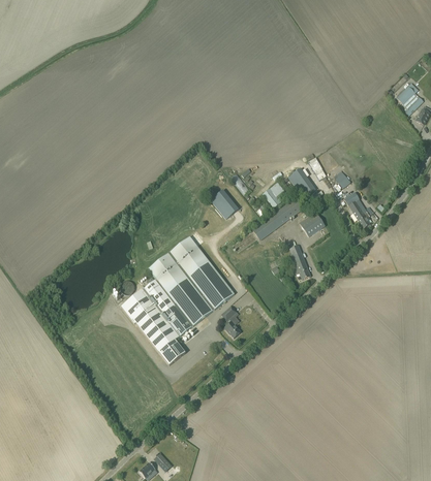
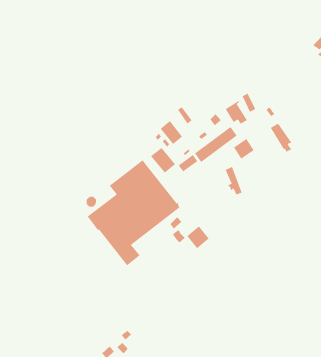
building: none -> [150,147,176,173]
building: none -> [187,226,210,249]

